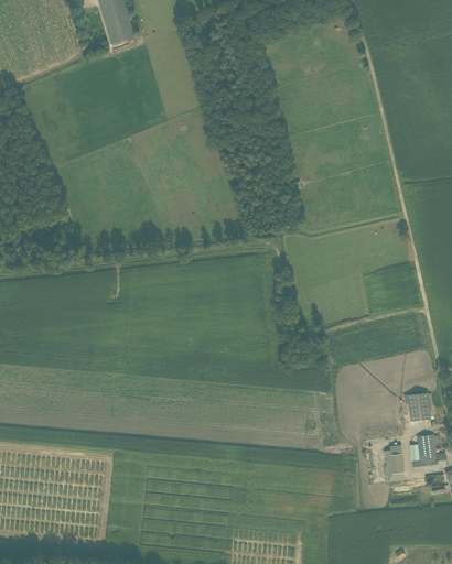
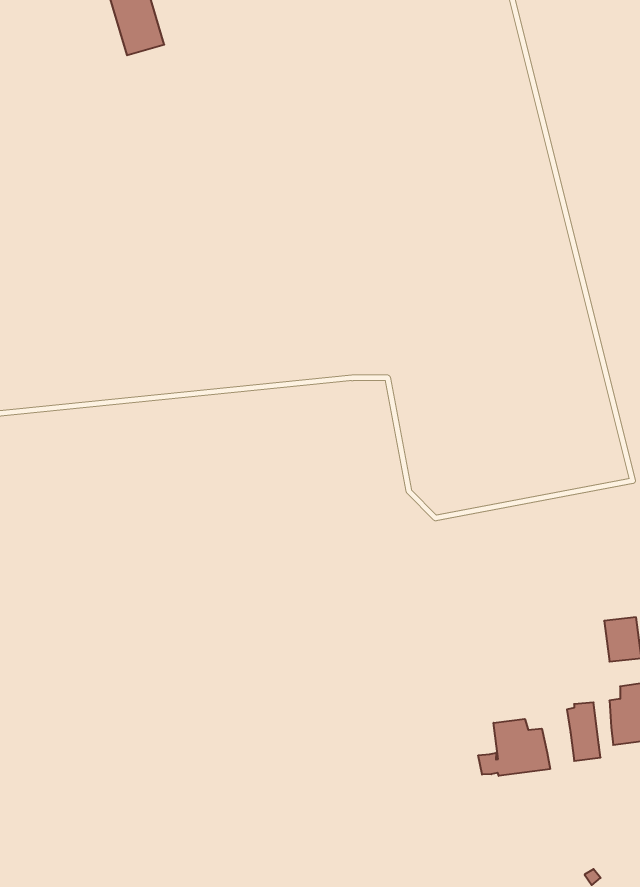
building: none -> [478,719,550,776]

